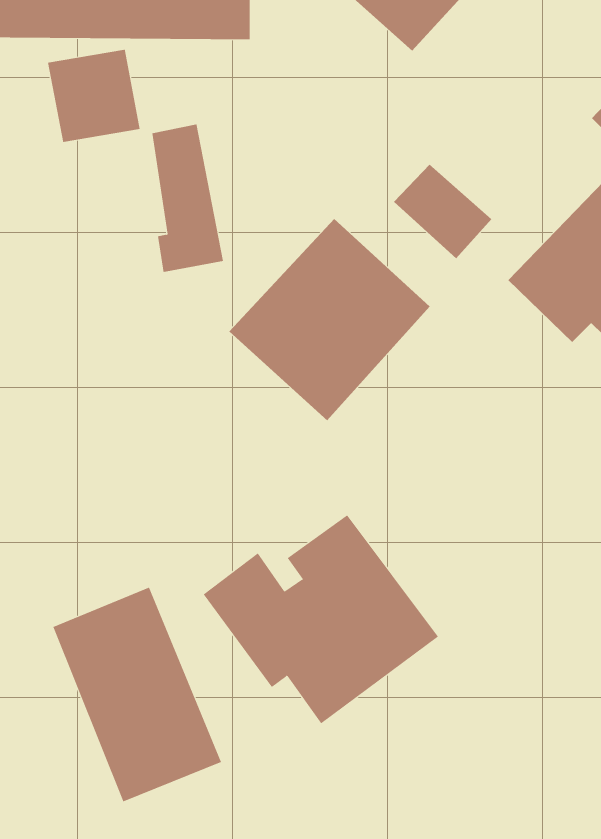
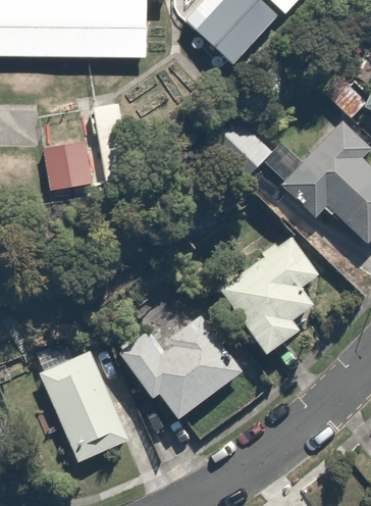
building: [47,49,141,143] -> [41,138,91,188]
building: [229,218,431,421] -> none
building: none -> [220,239,319,356]

